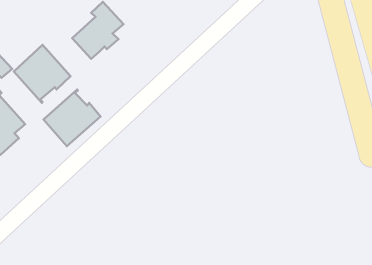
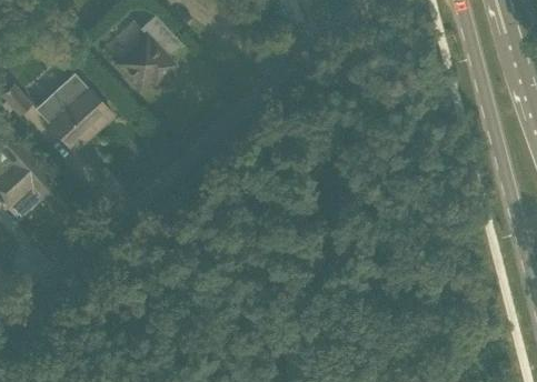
building: [44,90,100,146] -> none

